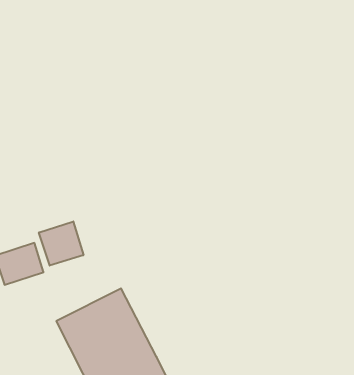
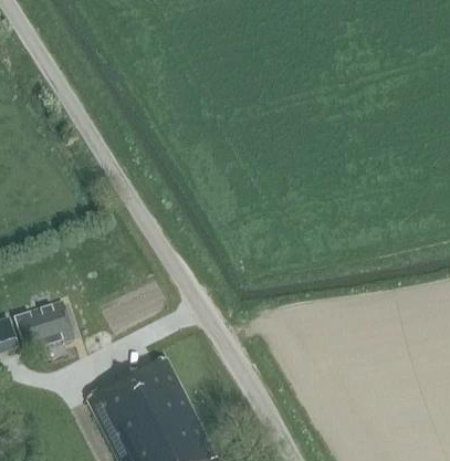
building: [39,221,83,266] -> none

